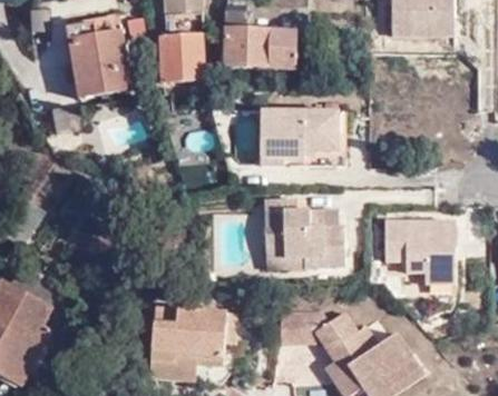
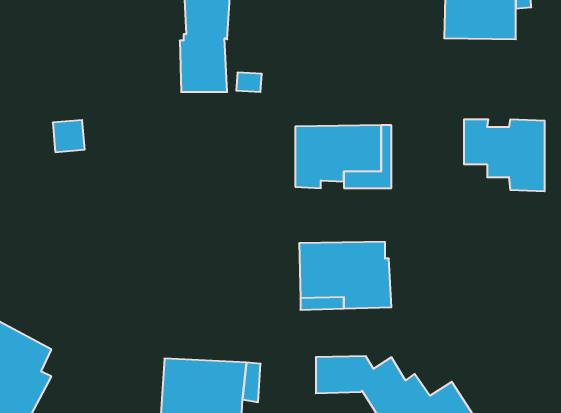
building: [225,6,297,58] -> none
building: [67,19,129,96] -> none
building: [384,220,455,283] -> [464,119,545,191]

